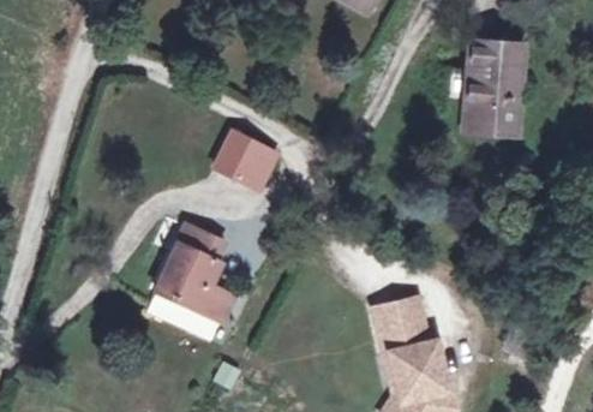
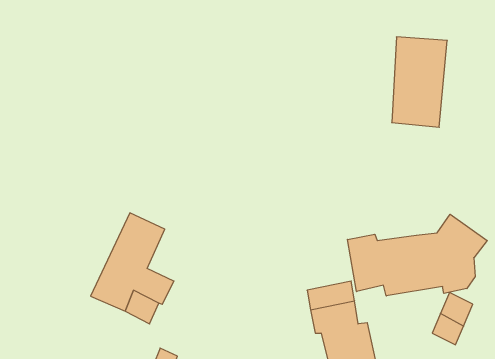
building: [220,136,280,191] -> none
building: none -> [347,214,487,296]

